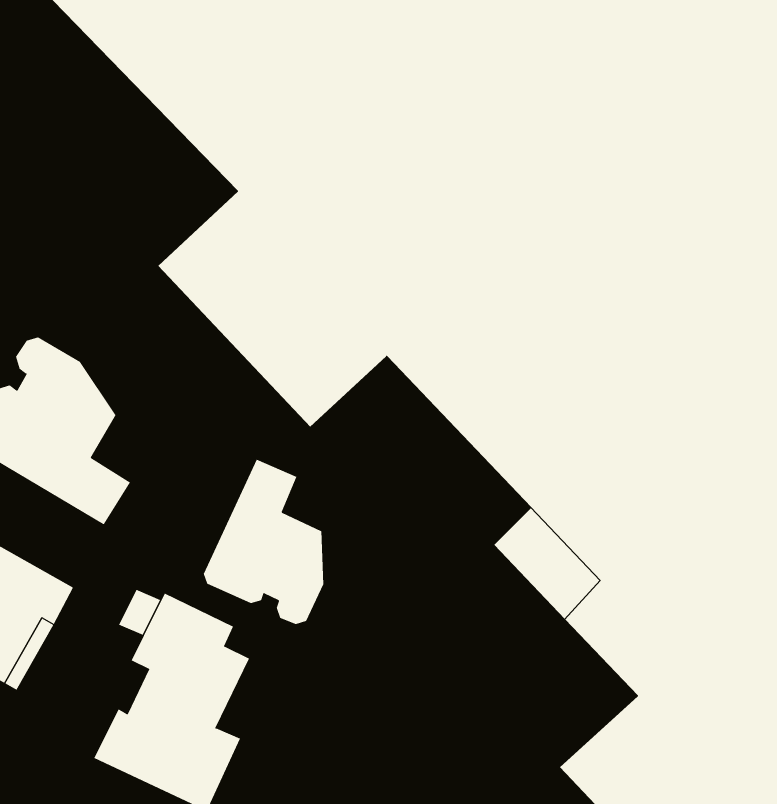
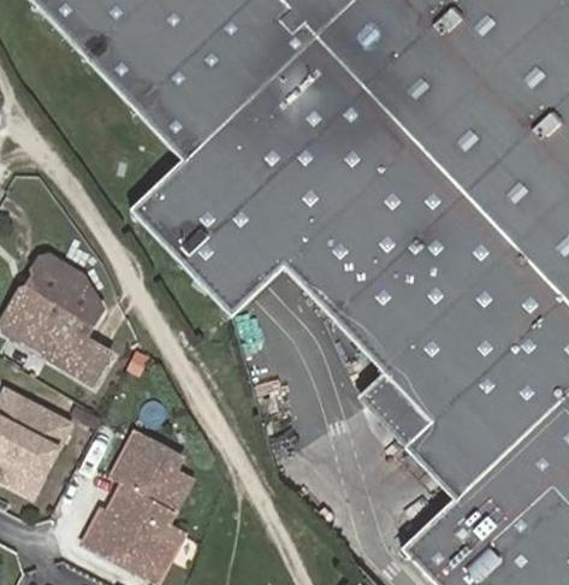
building: [203,459,324,625] -> none

